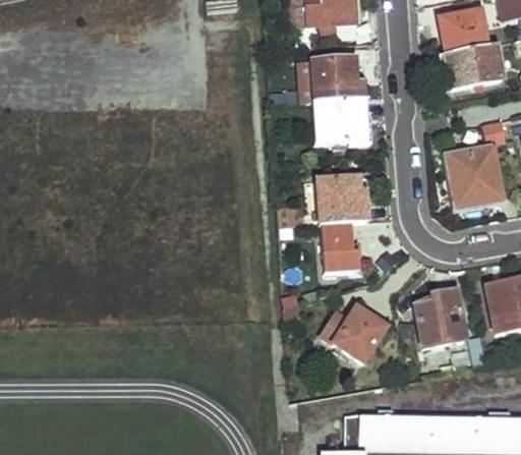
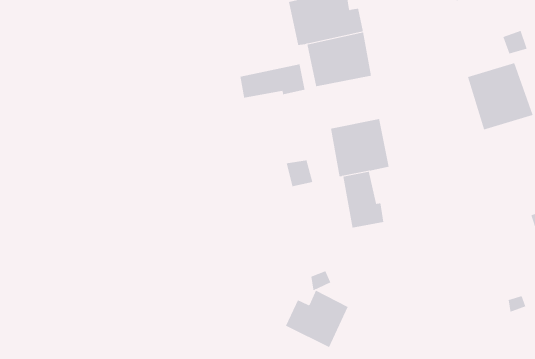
building: none -> [240,64,305,98]
building: [415,291,465,347] -> none
building: [327,306,385,359] -> [285,290,348,348]

